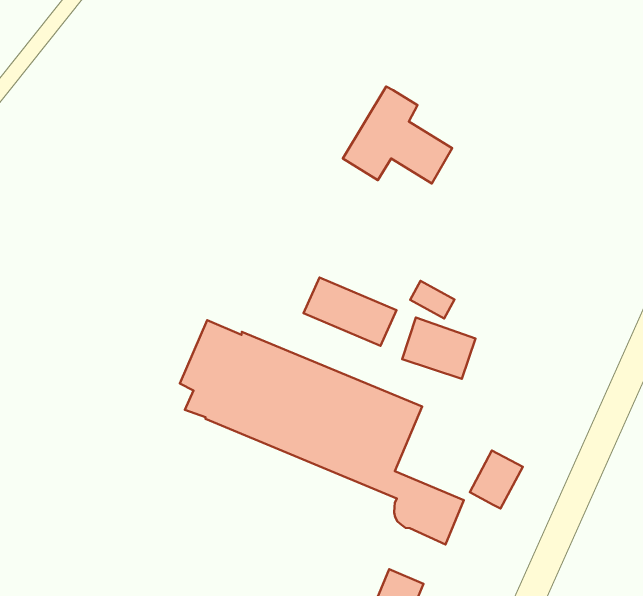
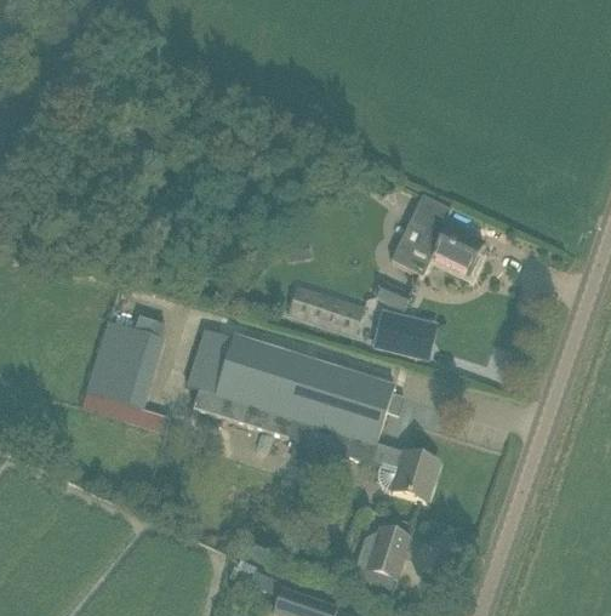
building: [343,87,452,184] -> [392,194,484,274]
building: none -> [84,314,167,430]
building: [470,451,523,509] -> none

